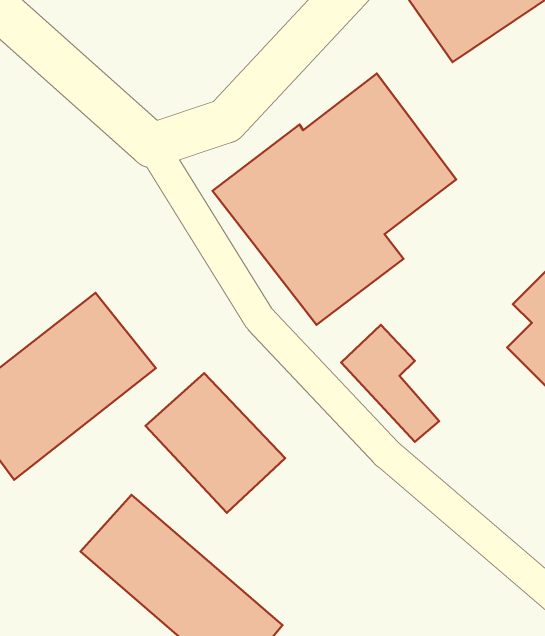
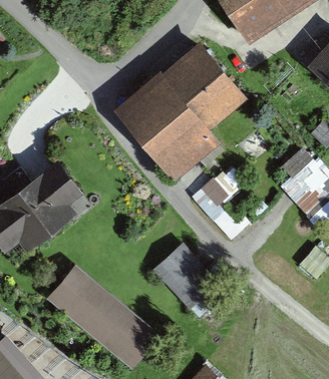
building: [146,373,285,513] -> [149,240,224,314]

